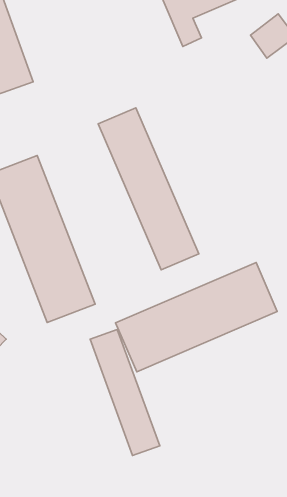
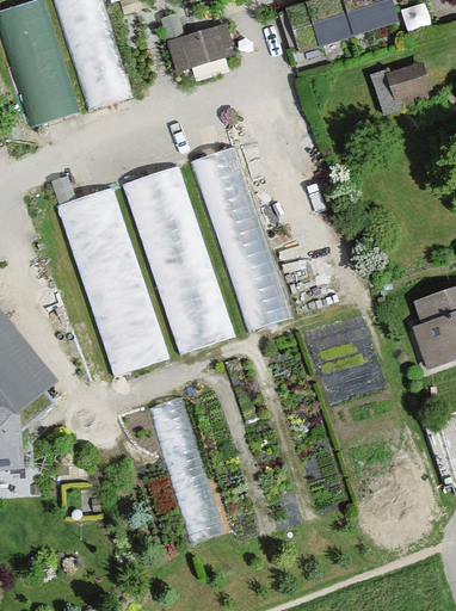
building: none -> [167,21,234,69]
building: none -> [125,162,234,354]
building: [116,262,277,372] -> none

